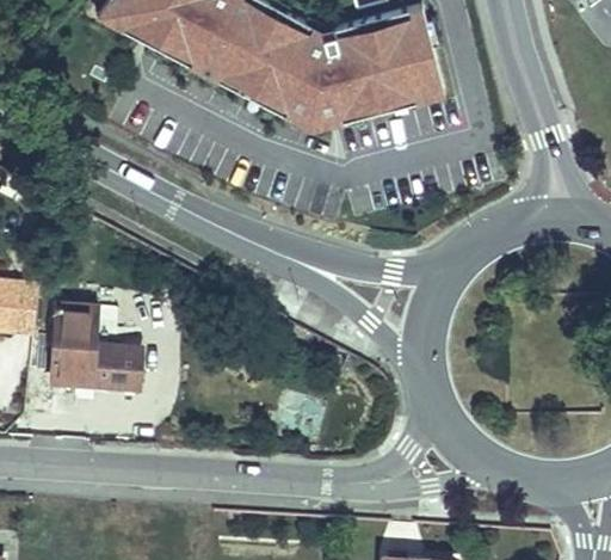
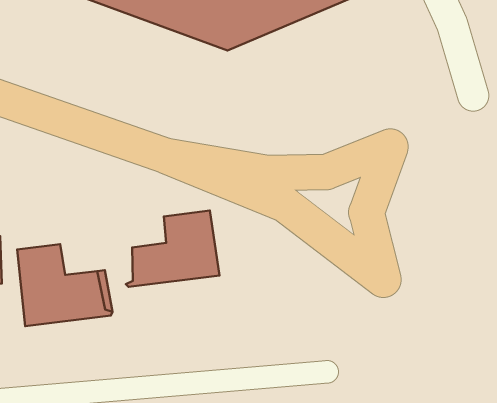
building: none -> [126,211,219,287]

